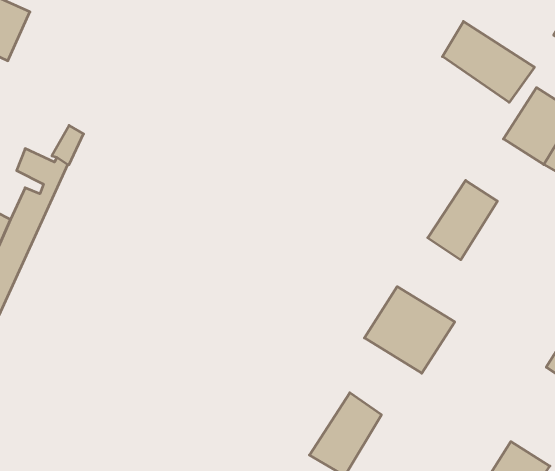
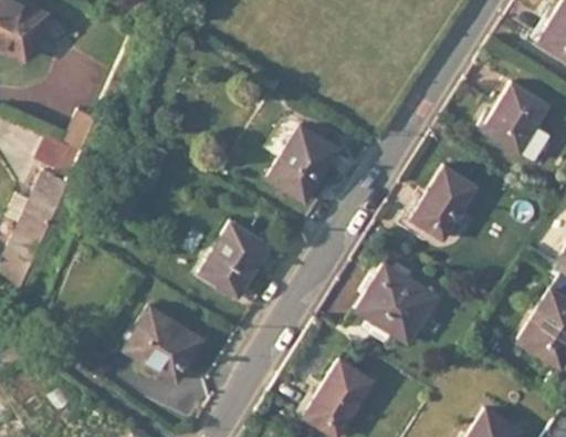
building: [442,21,534,102] -> none
building: none -> [268,124,337,198]
building: none -> [201,219,271,294]
building: none -> [123,303,201,379]

